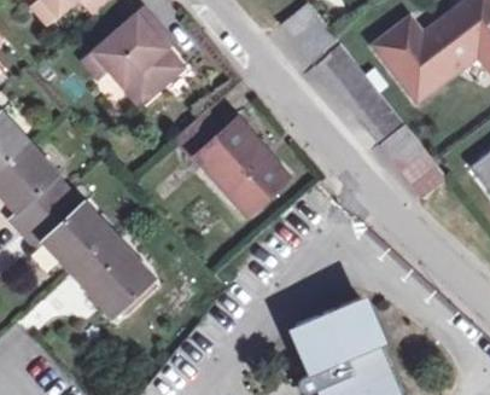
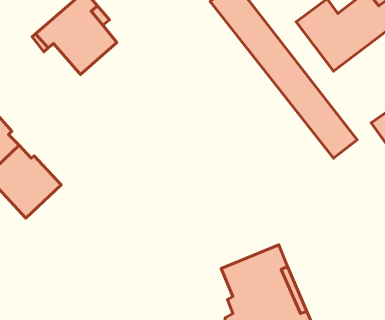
building: [171,112,285,216] -> none
building: [74,231,153,312] -> none

